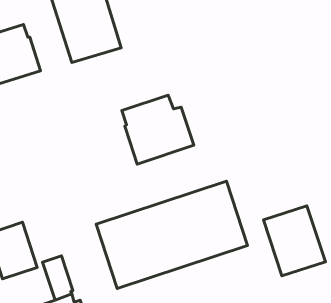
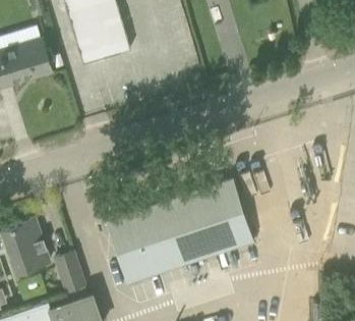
building: [122,95,194,164] -> none
building: [263,206,325,276] -> none

